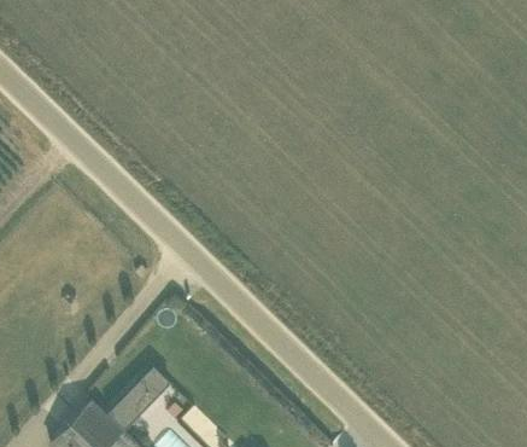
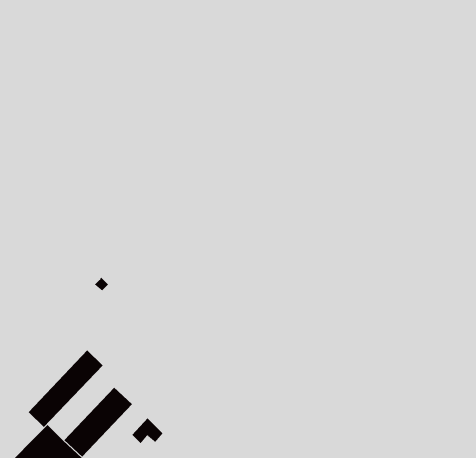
building: none -> [28,350,103,428]

